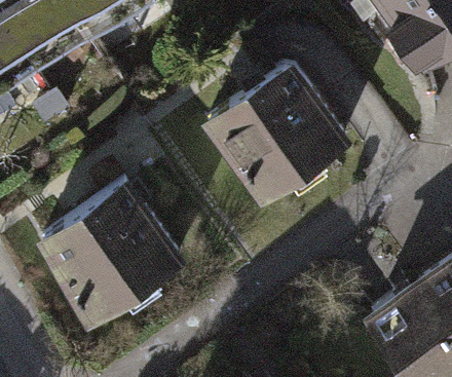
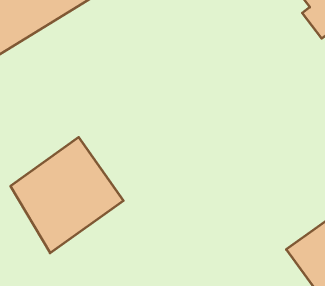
building: [200,64,337,198] -> none

